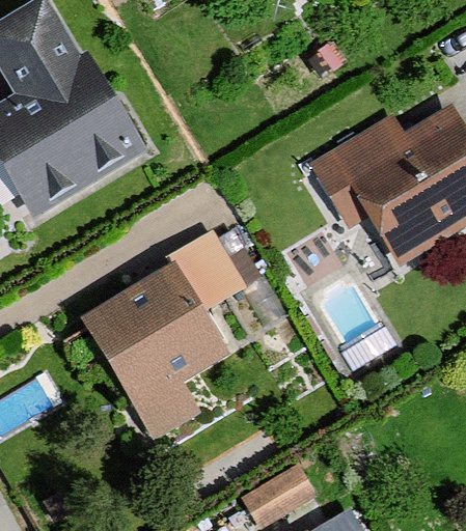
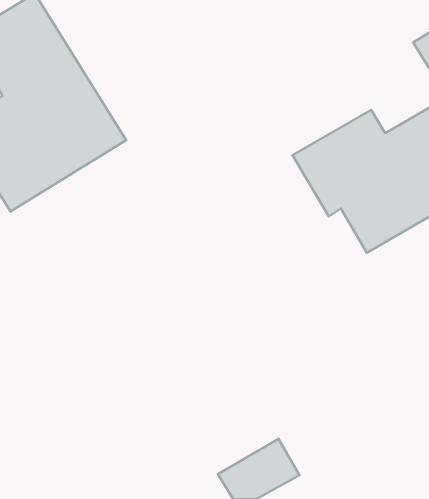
building: [74,233,246,442] -> none

